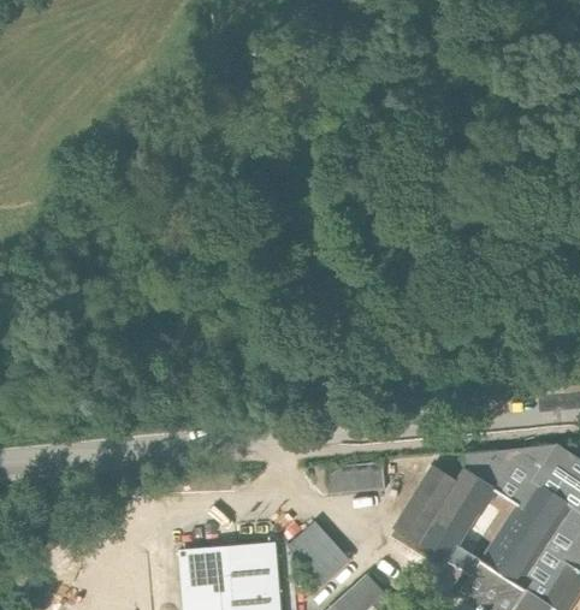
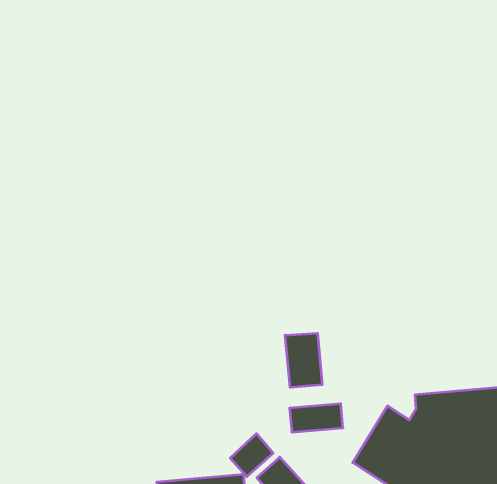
building: none -> [285,333,322,387]
building: none -> [230,434,273,477]

